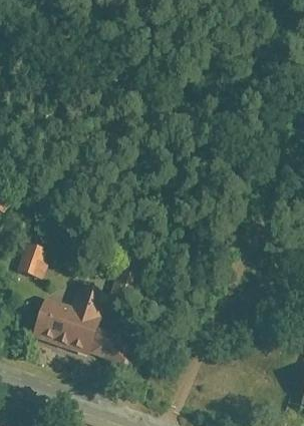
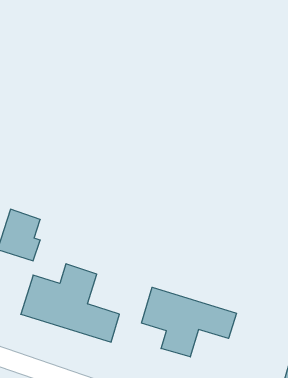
building: none -> [141,287,237,357]

